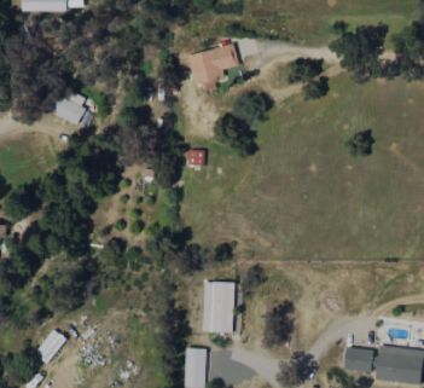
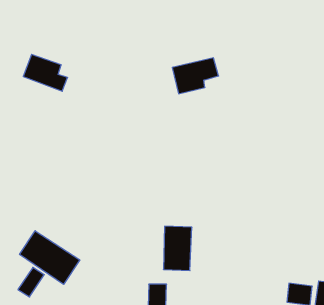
building: [186,44,239,85] -> [172,58,219,94]
building: none -> [20,231,80,284]

